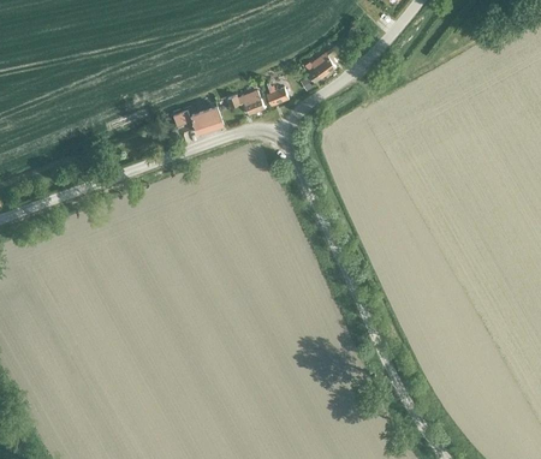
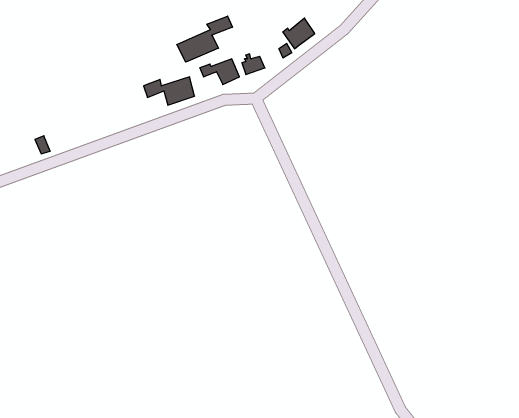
building: none -> [177,16,232,62]

